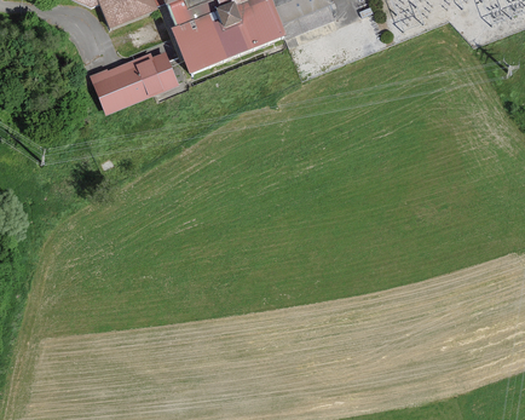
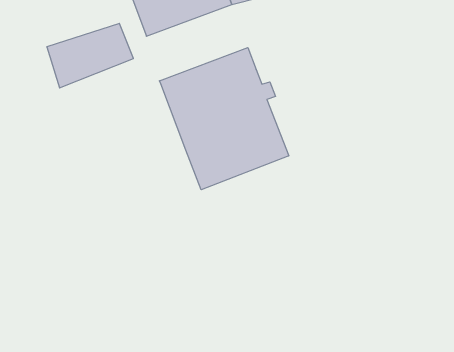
building: none -> [159,48,289,190]

